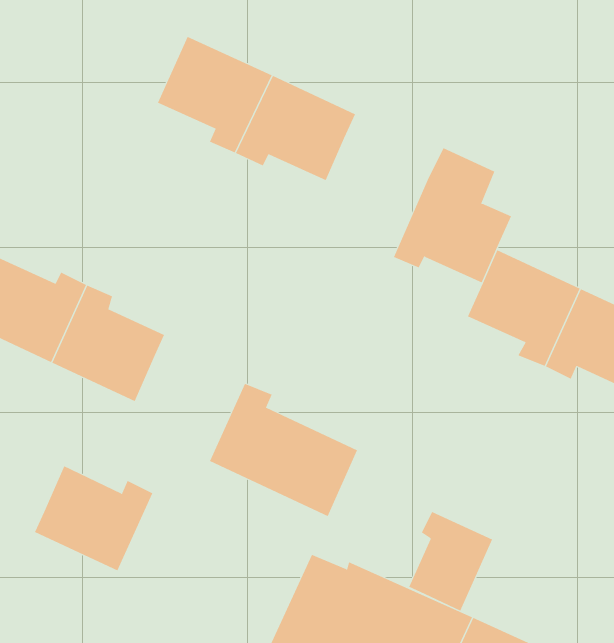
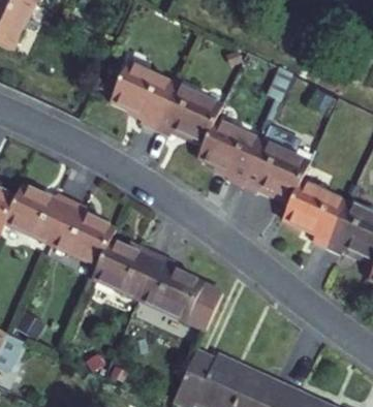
building: none -> [197,118,261,184]
building: [34,465,153,571] -> [93,239,159,298]
building: [408,511,493,612] -> none

